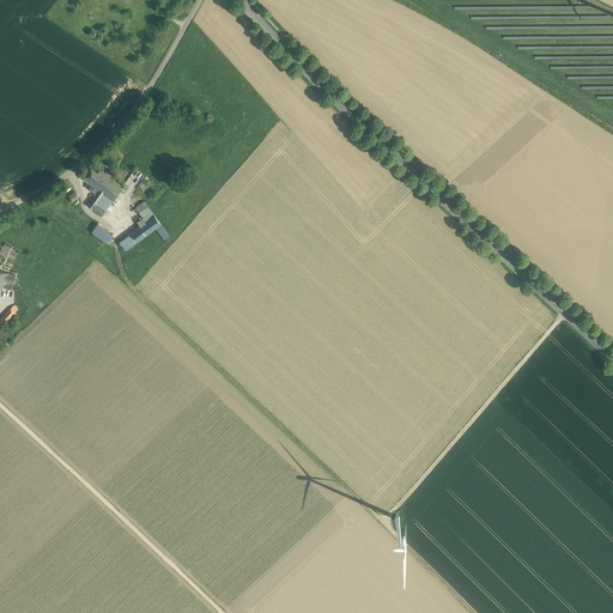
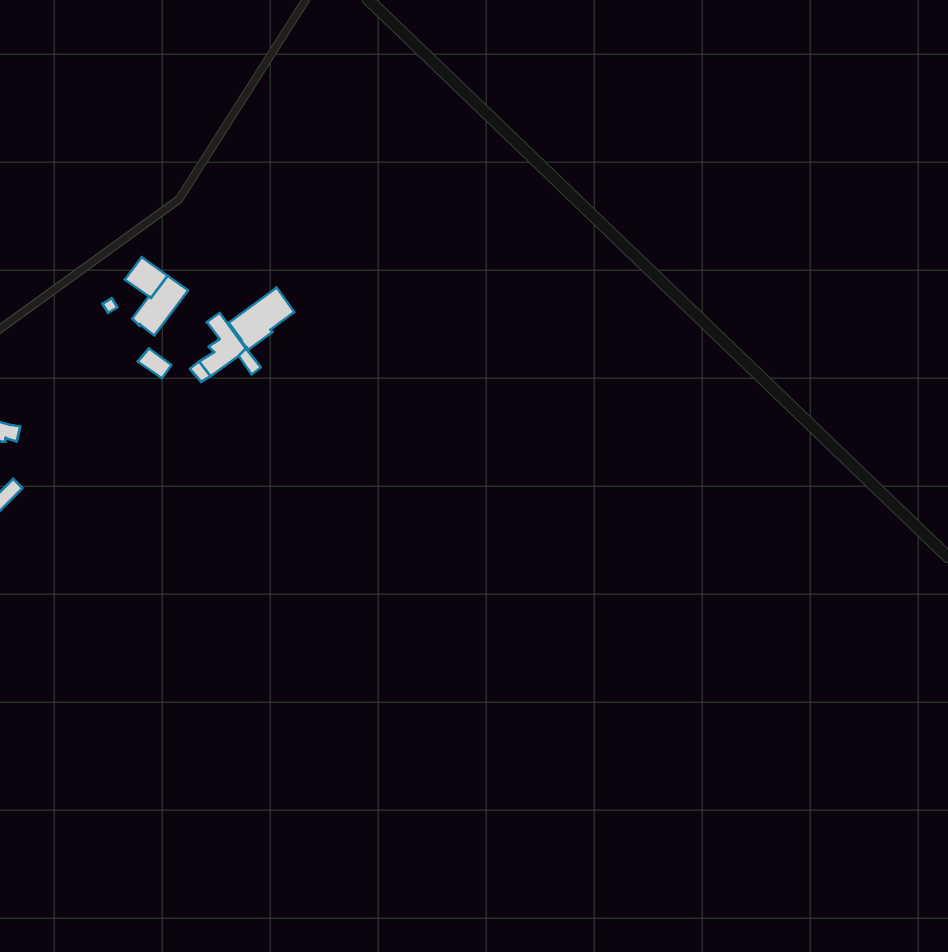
building: none -> [229,287,294,350]

